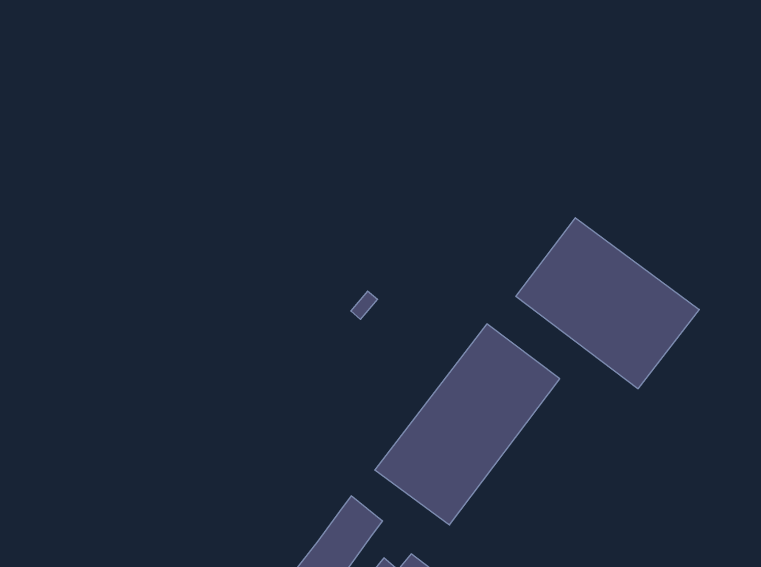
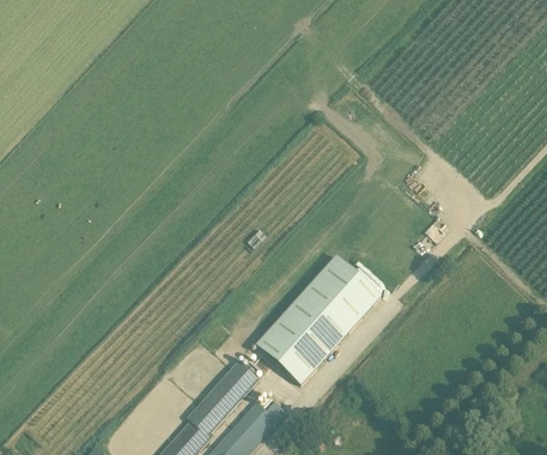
building: [516,218,699,389] -> none

